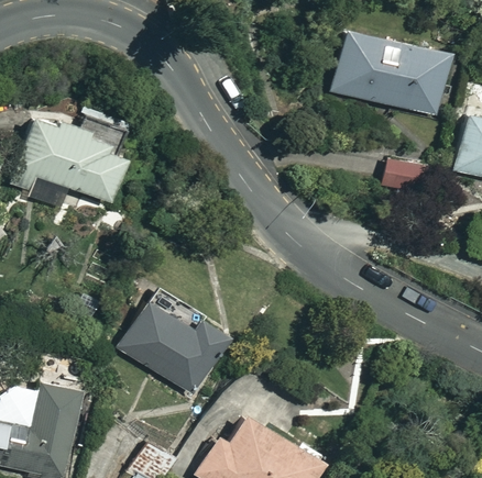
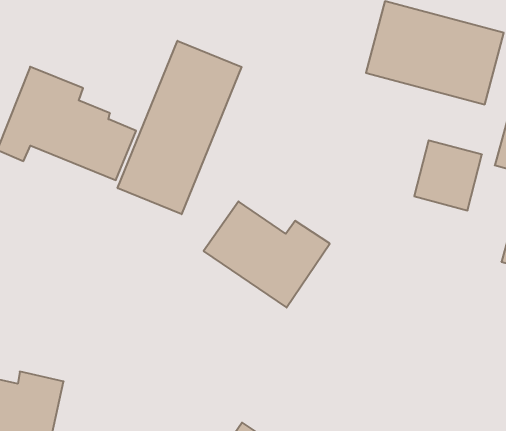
building: none -> [118,41,242,214]
building: [119,303,231,396] -> [204,201,330,308]

